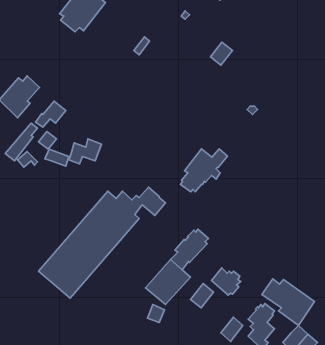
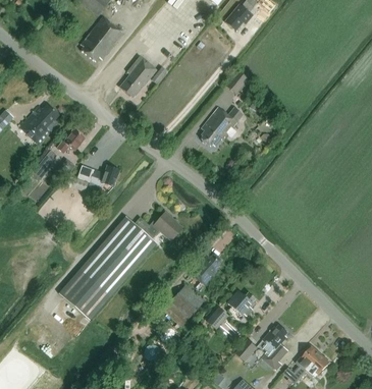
building: none -> [120,56,156,96]
building: [180,149,228,192] -> [197,107,243,149]
building: [262,279,315,326] -> none

